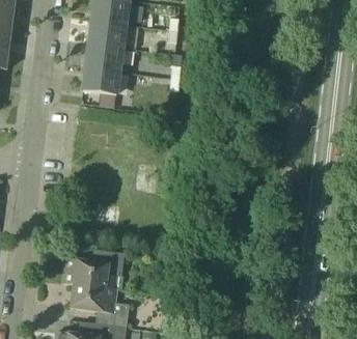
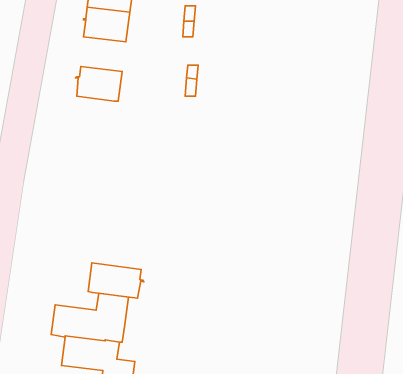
building: [84,43,121,70] -> none
building: none -> [88,263,144,298]

